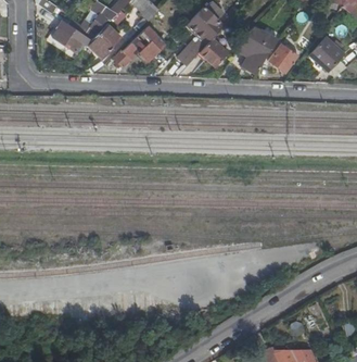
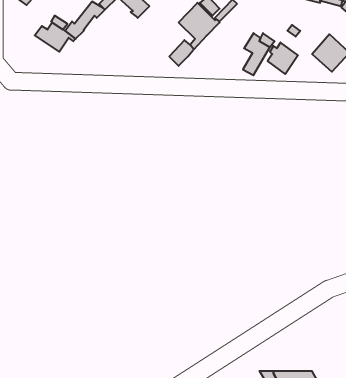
building: [87,24,122,58] -> none
building: [113,24,166,66] -> none
building: [199,37,228,66] -> none

